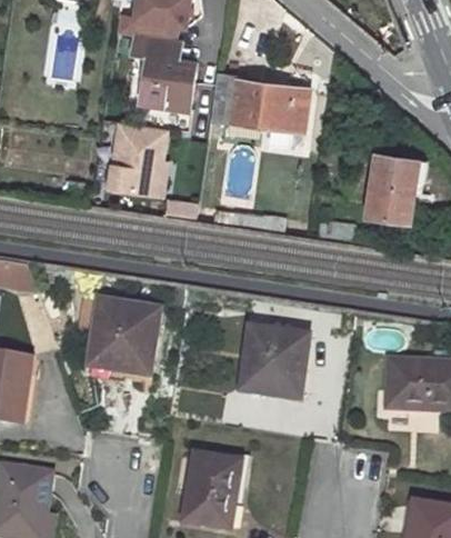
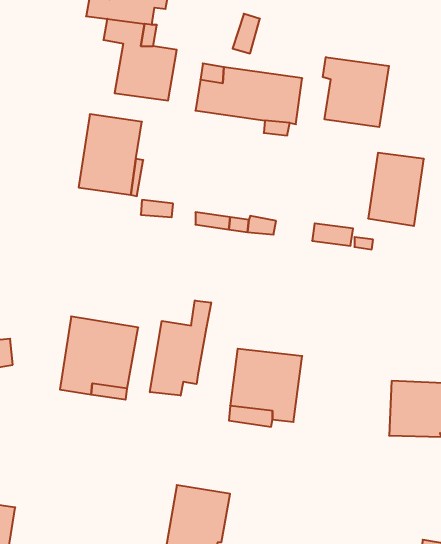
building: none -> [323,57,389,127]
building: none -> [150,300,211,396]

